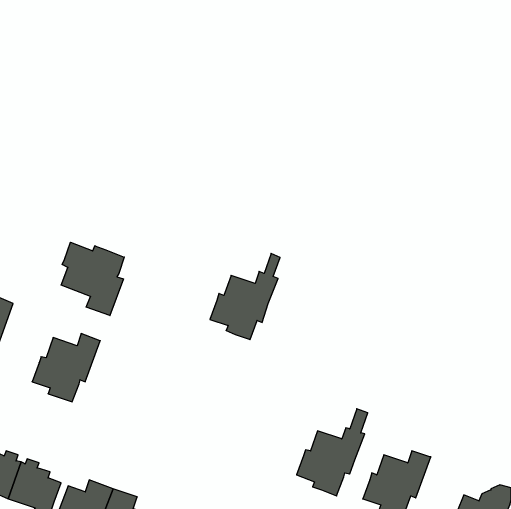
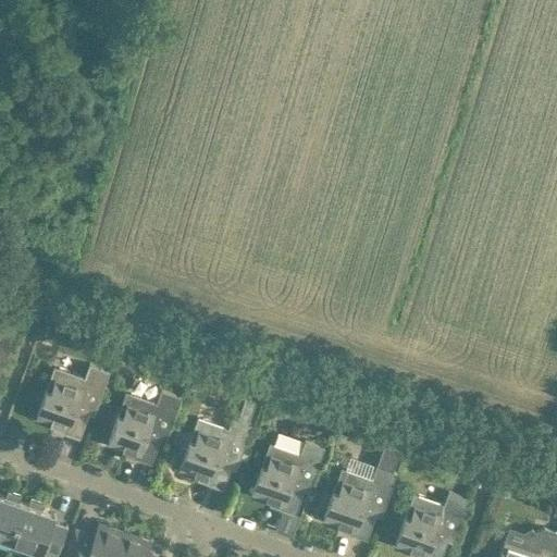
building: [61,242,124,316] -> none
building: [210,253,280,340] -> [178,397,255,491]
building: none -> [107,392,181,466]
building: none -> [250,442,324,516]

